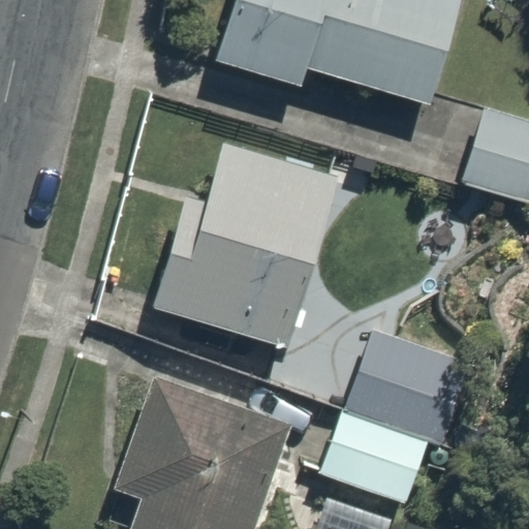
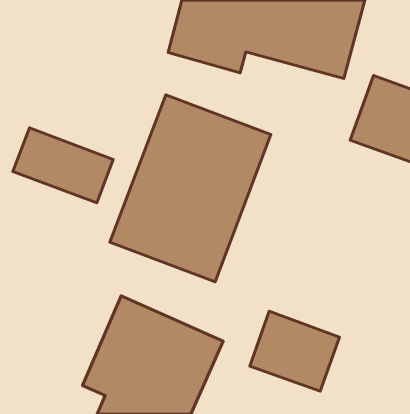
building: none -> [13,128,113,203]
building: [348,318,467,430] -> none

